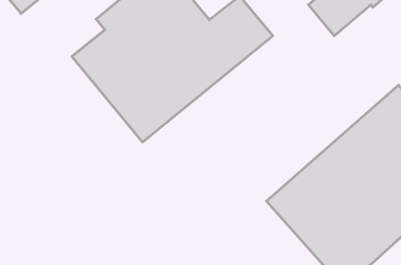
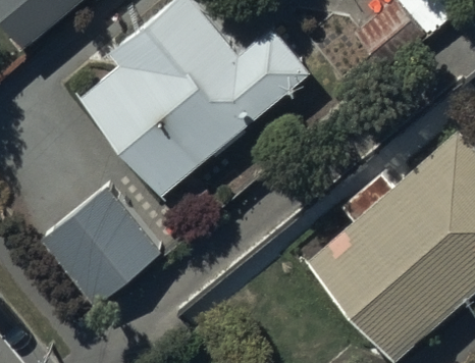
building: none -> [43,189,163,308]

